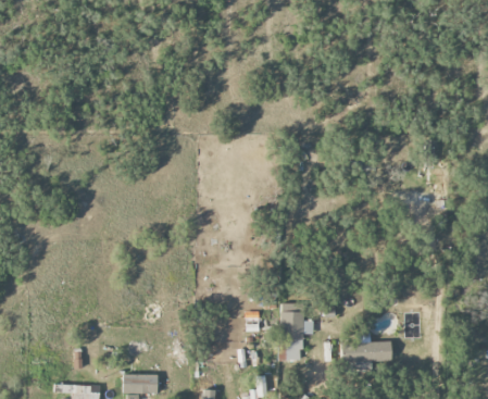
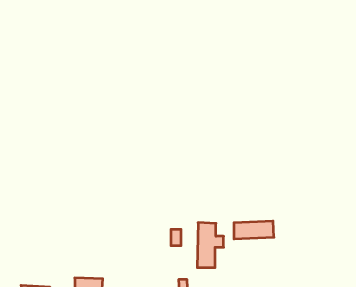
building: [341,340,392,363] -> [234,221,274,239]

